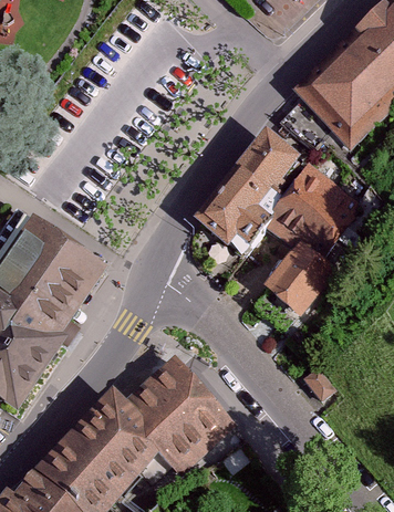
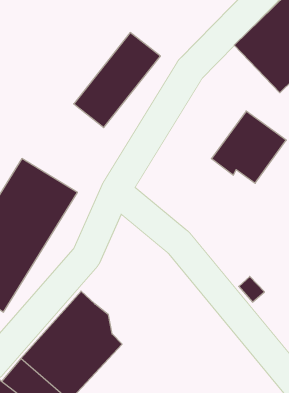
building: [197,130,302,245] -> [74,33,160,128]
building: [262,240,338,318] -> none
building: [126,354,240,478] -> none

